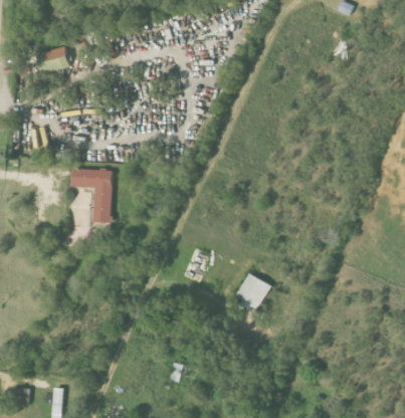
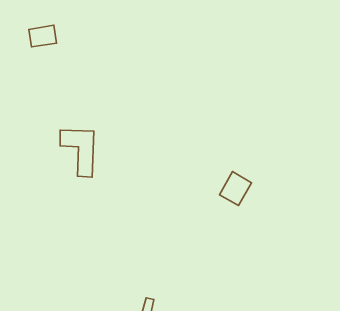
building: [233,272,270,311] -> [219,172,252,205]

